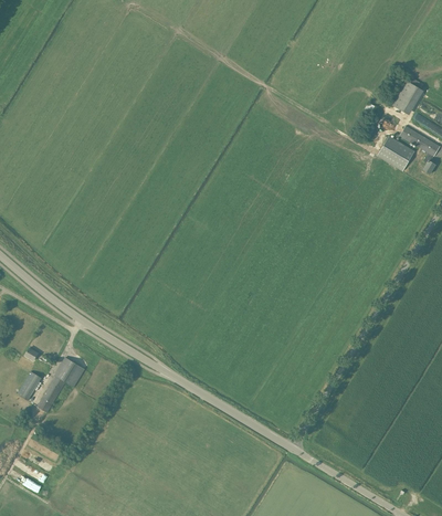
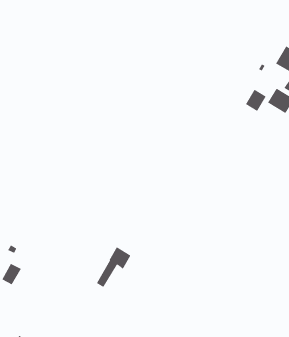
building: none -> [245,89,267,112]
building: [38,356,85,412] -> [96,247,131,288]

